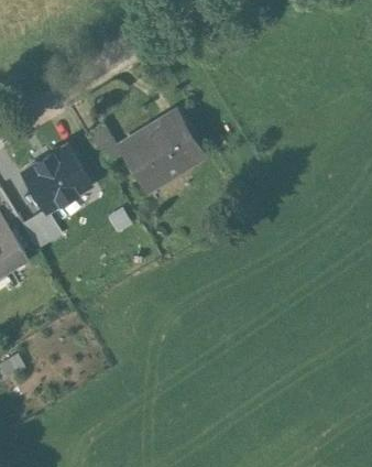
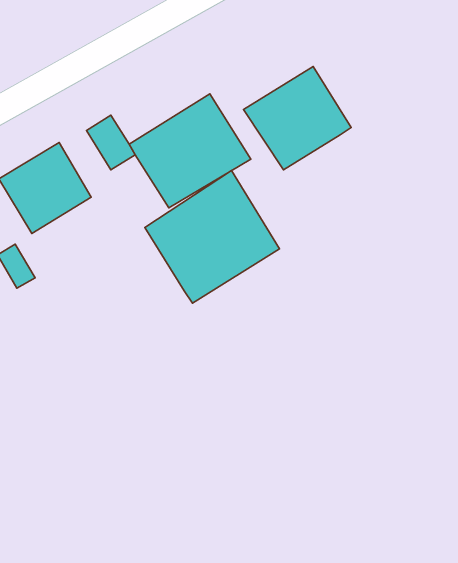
building: none -> [243,66,351,170]
building: none -> [145,171,280,303]

